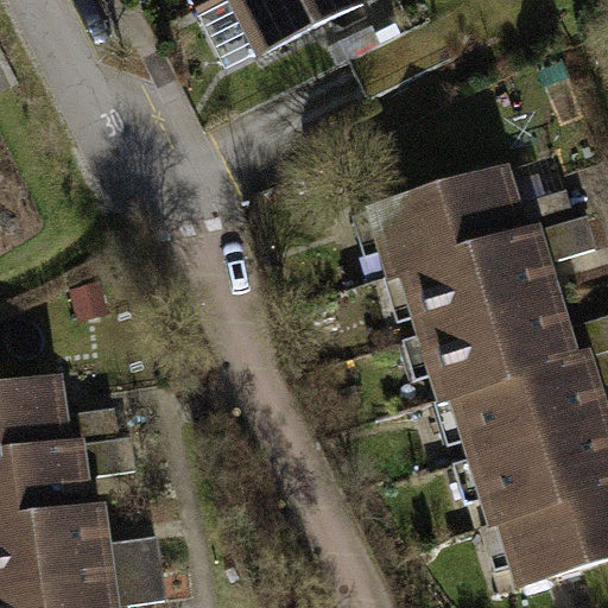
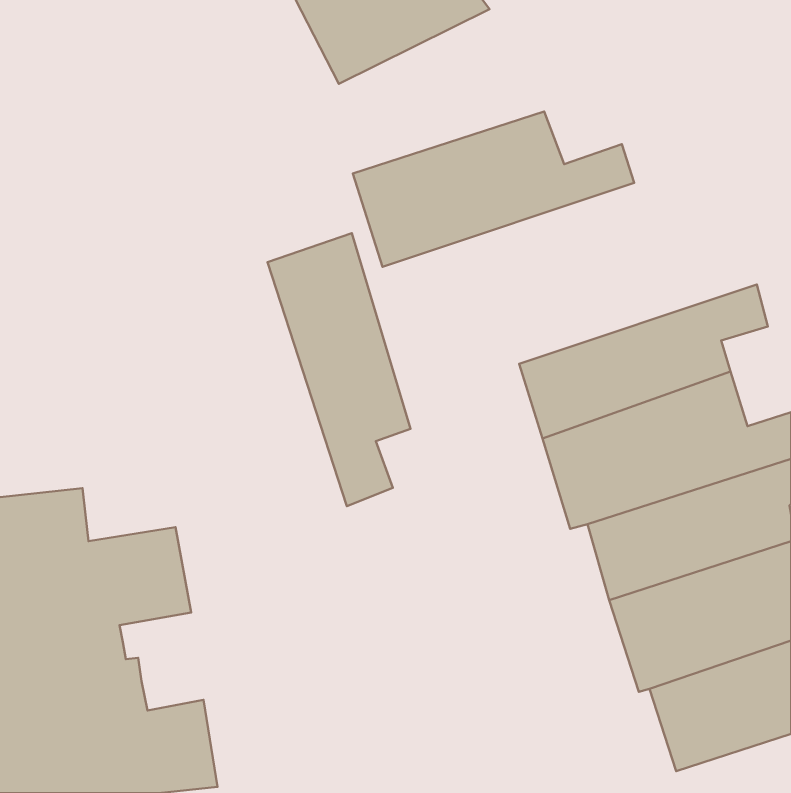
building: [363,163,578,281] -> [353,111,634,267]
building: none -> [267,233,411,506]

